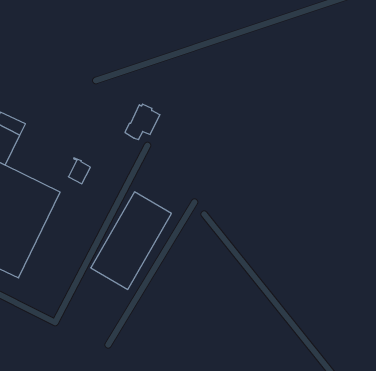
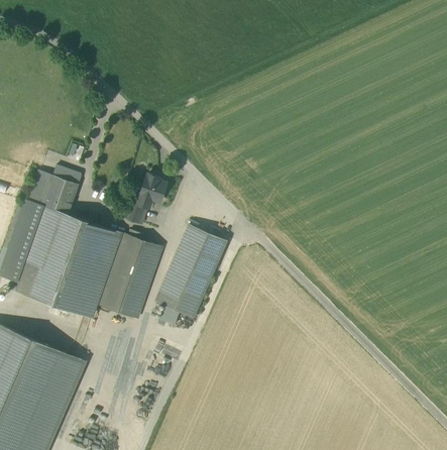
building: [125,104,160,140] -> [136,175,166,208]
building: none -> [98,233,161,317]

